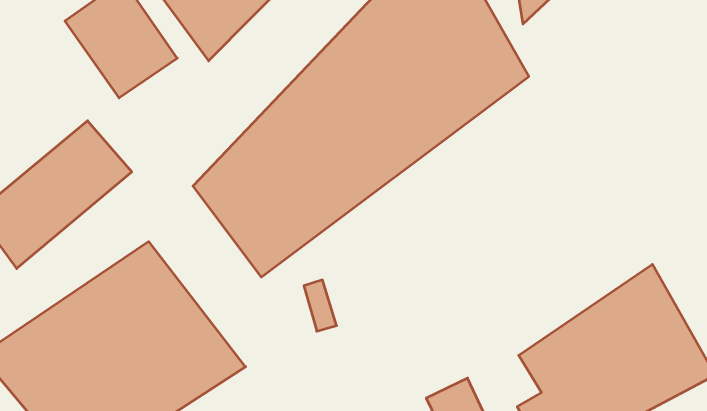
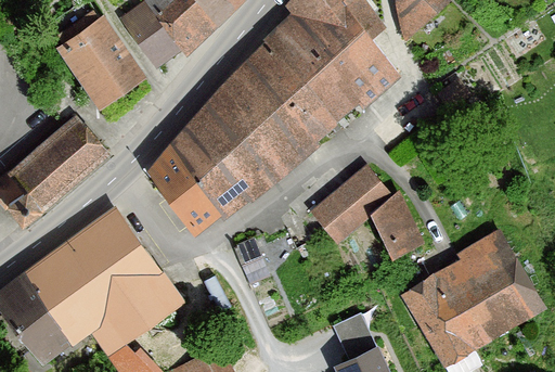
building: none -> [305,161,423,260]

